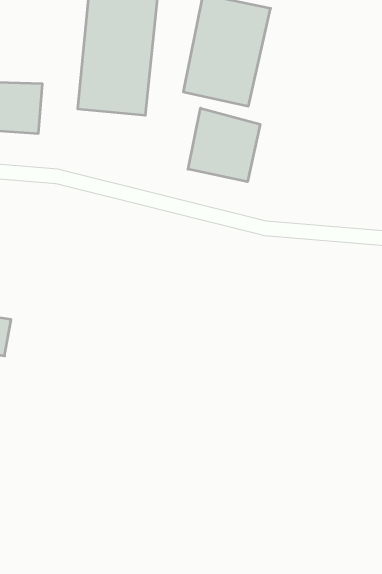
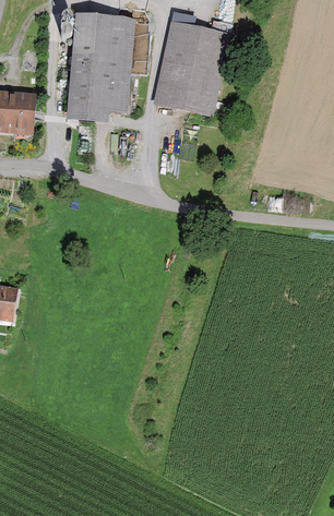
building: [188,108,260,182] -> none

